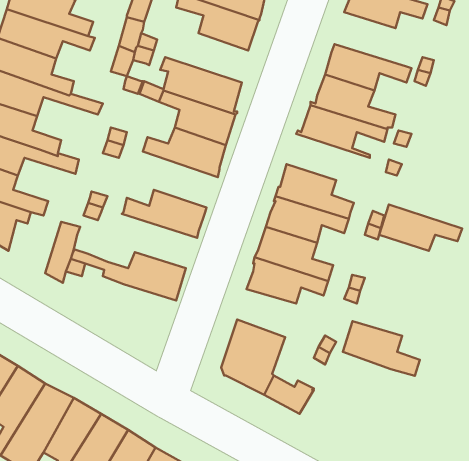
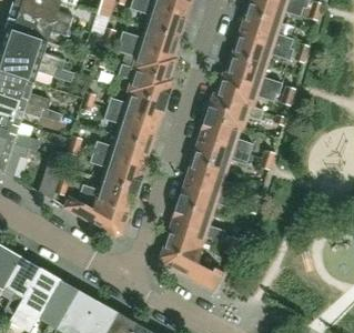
building: none -> [239,11,294,49]
building: none -> [119,26,180,60]
building: none -> [103,108,159,147]
building: [379,204,462,251] -> [206,95,264,128]
building: none -> [89,151,144,189]
building: none -> [63,198,130,235]
building: [343,321,420,376] -> [172,203,225,241]

